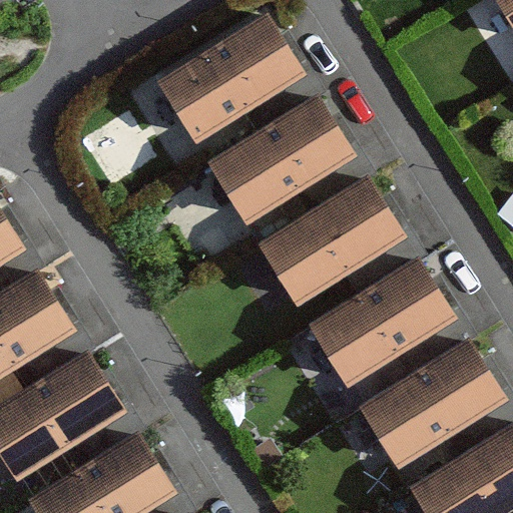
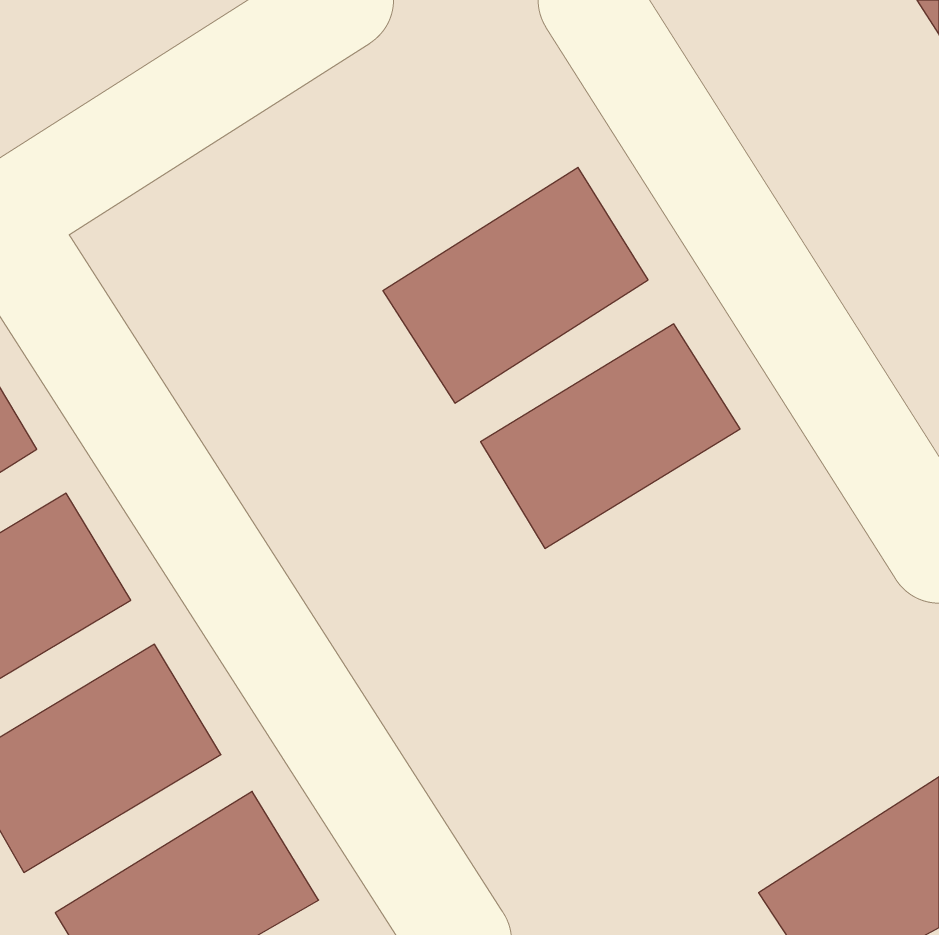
building: [159,13,304,141] -> none
building: [311,260,453,386] -> none
building: [361,340,504,467] -> none

